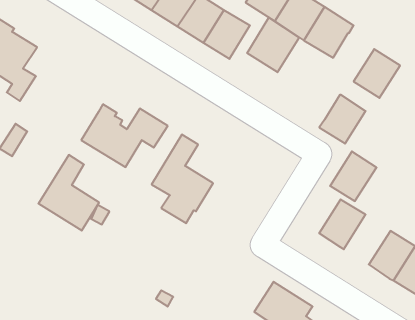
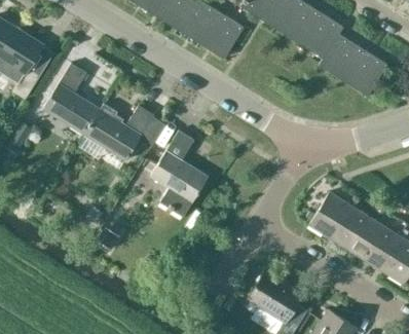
building: [247,18,299,72] -> none
building: [319,95,366,144] -> [318,34,362,80]
building: [330,151,377,201] -> [333,207,377,254]
building: [38,155,99,231] -> [42,64,100,136]

